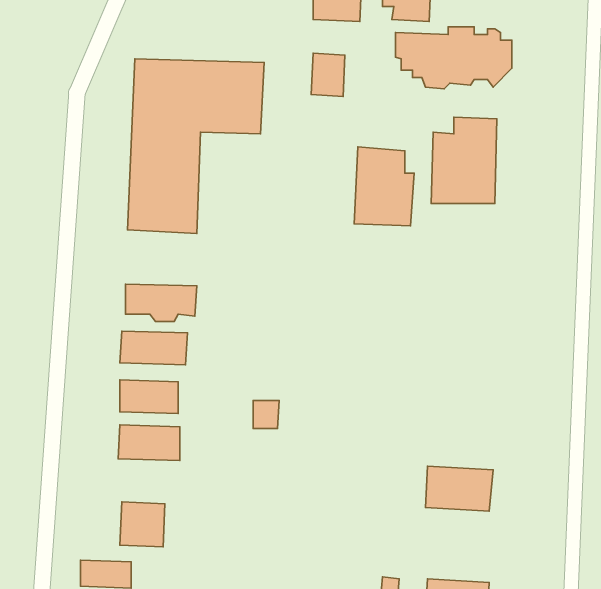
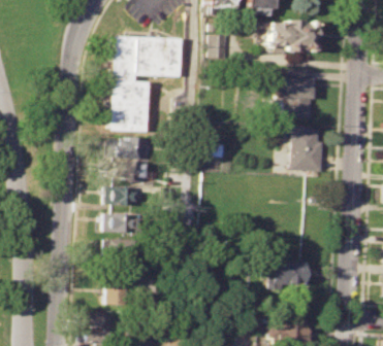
building: [354,147,414,226] -> [292,128,325,171]
building: none -> [108,136,152,159]

